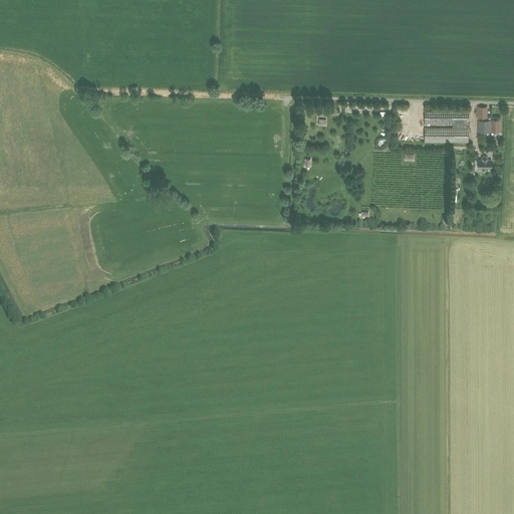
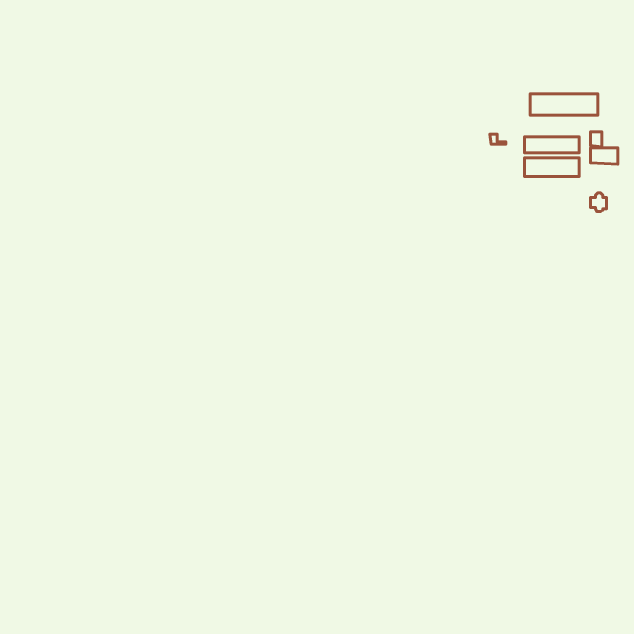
building: none -> [530,94,598,115]

